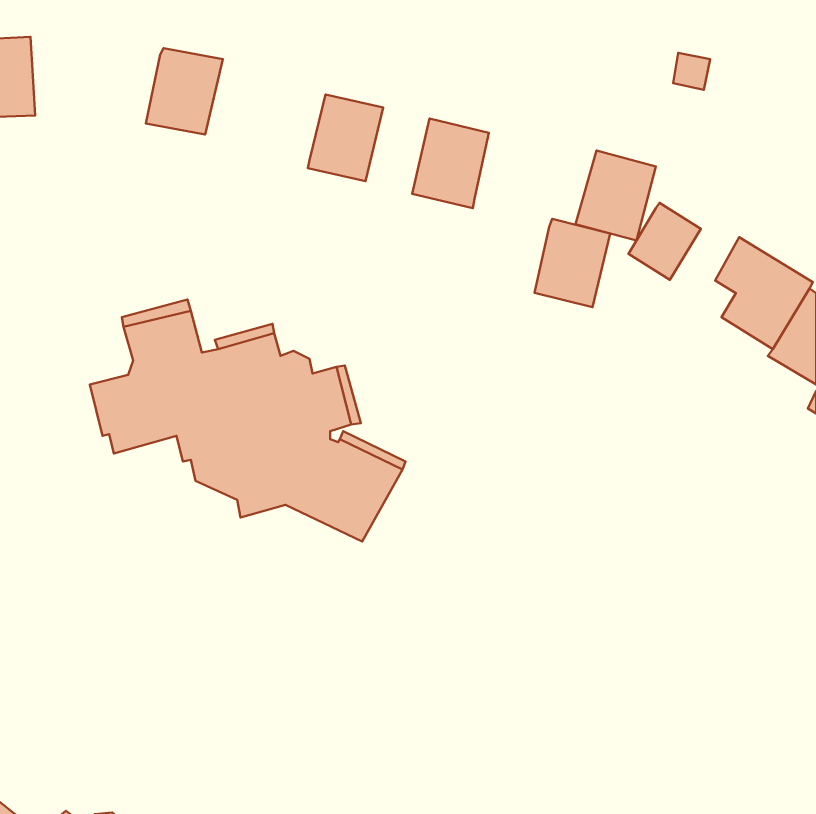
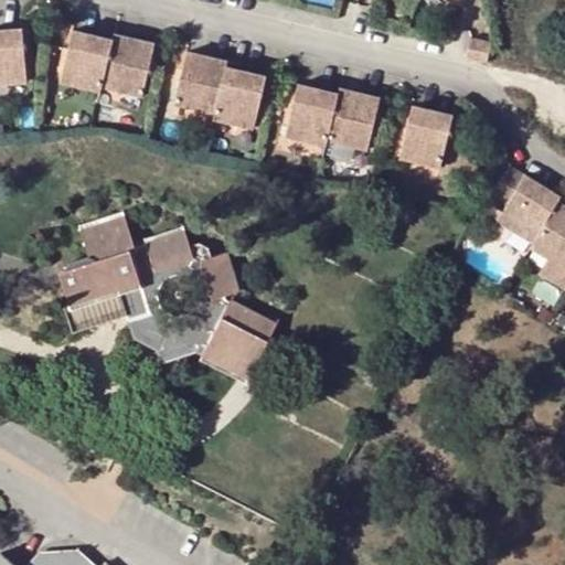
building: none -> [58,32,110,93]
building: none -> [173,53,226,114]
building: [628,203,701,280] -> none
building: [535,219,610,307] -> [327,89,379,150]

